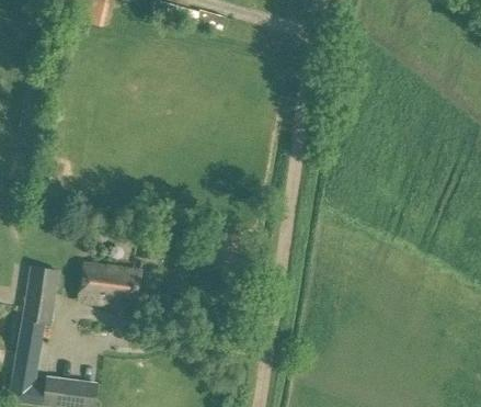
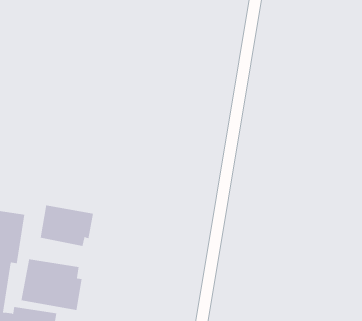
building: none -> [21,259,82,311]

